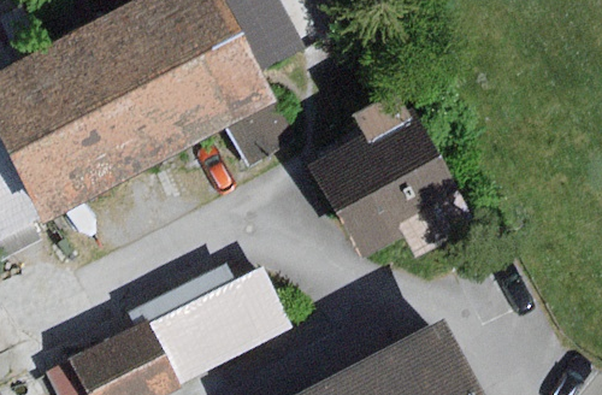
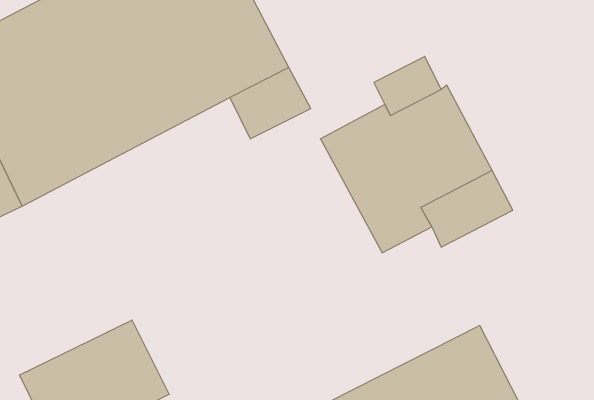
building: [136,264,296,385] -> none

